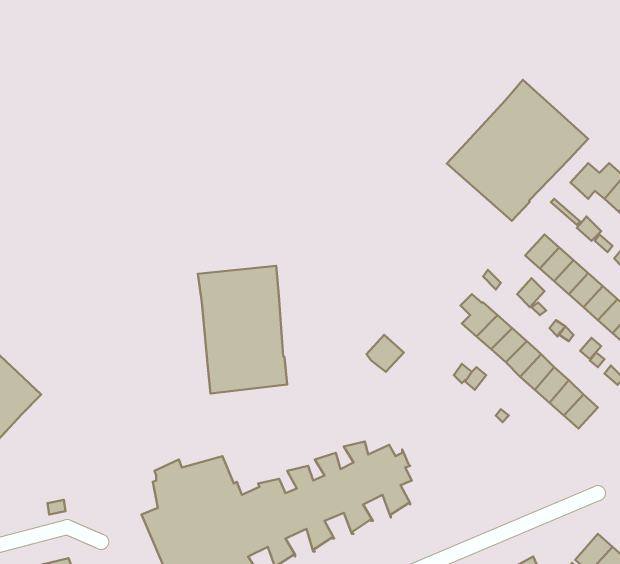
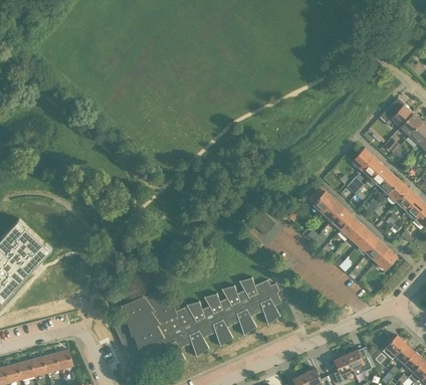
building: [447,80,588,221] -> none
building: [198,266,287,394] -> none

